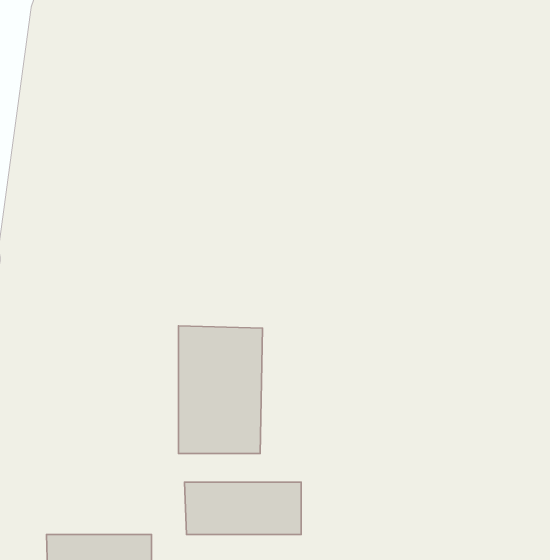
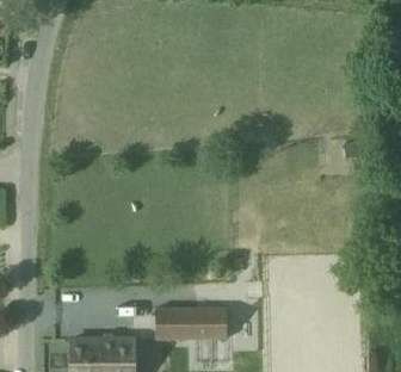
building: [178,326,263,453] -> none

